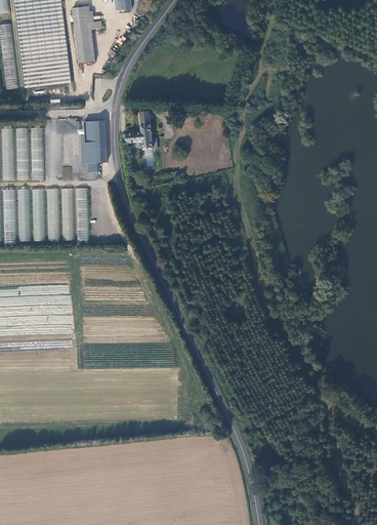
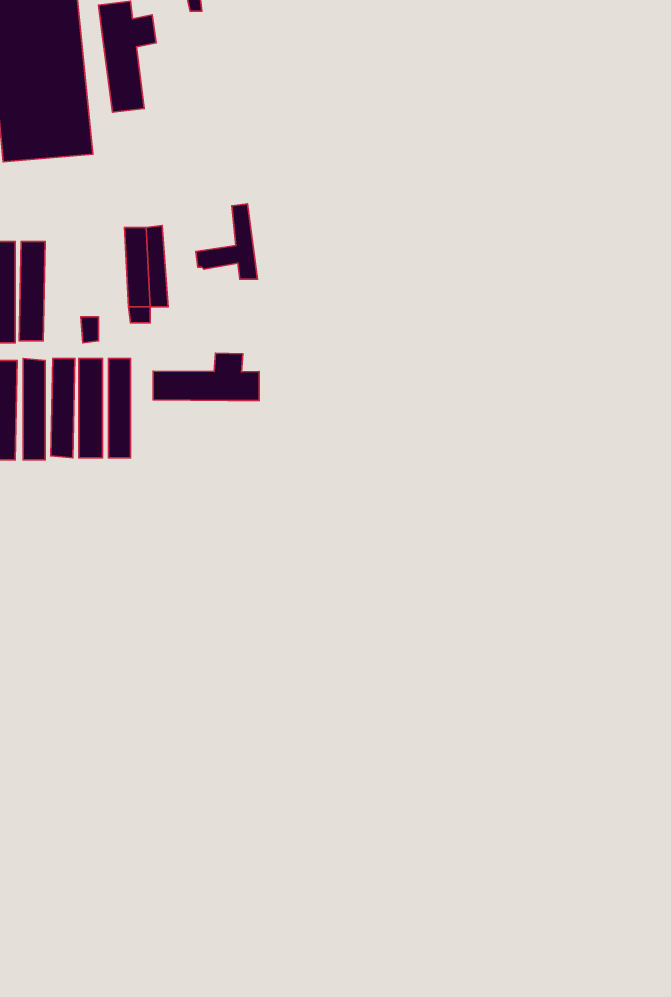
building: none -> [153,353,259,400]

